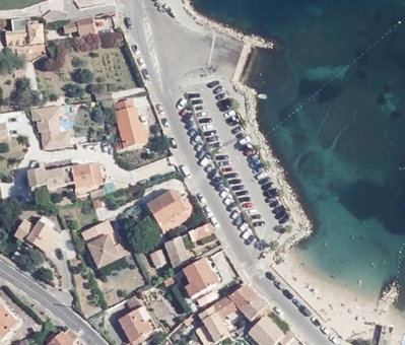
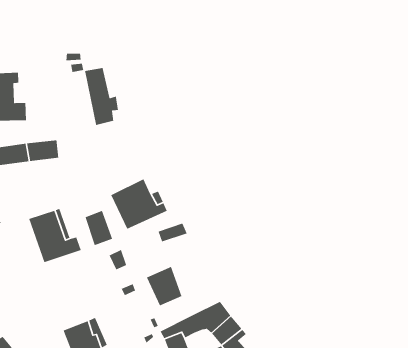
building: [162,237,188,268] -> [84,210,113,246]

